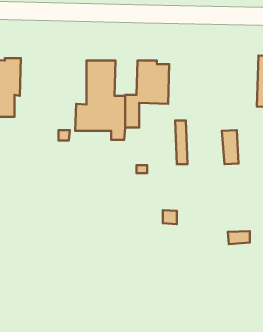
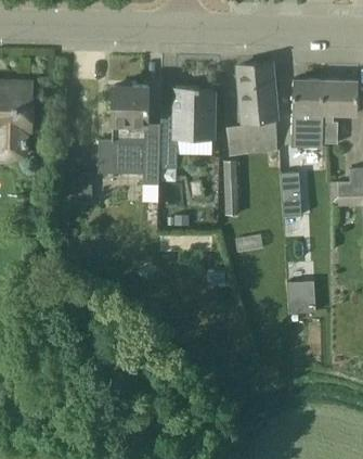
building: none -> [226,63,278,155]
building: none -> [291,79,325,148]

